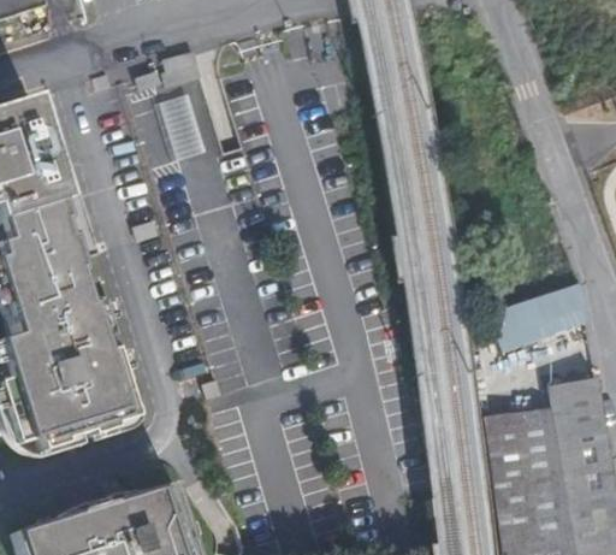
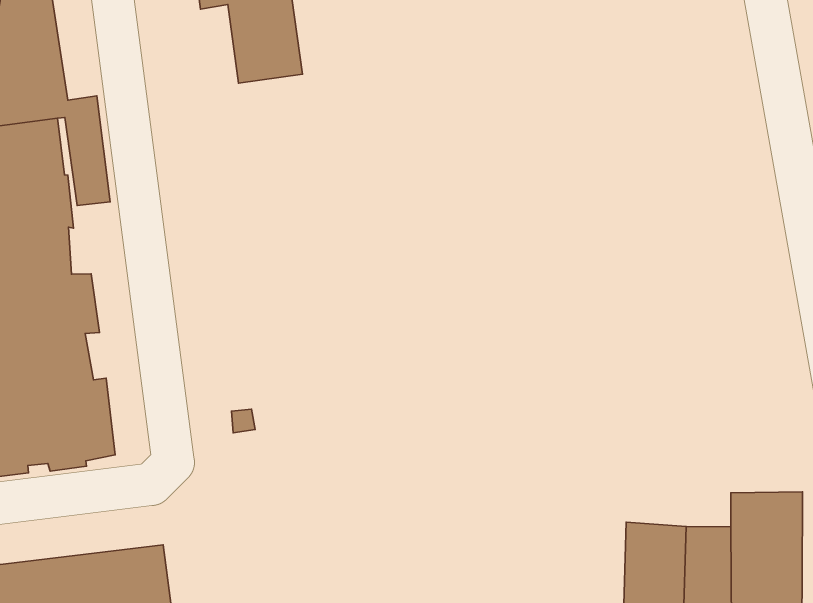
building: [486,285,586,353] -> none

